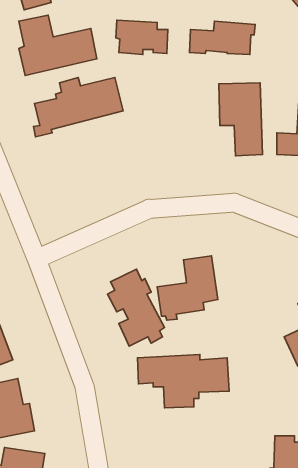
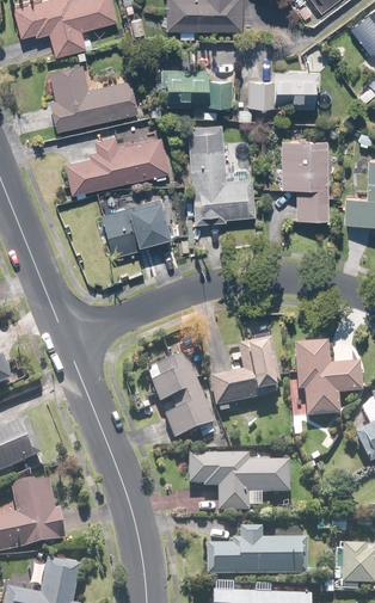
building: none -> [186,121,254,223]
building: none -> [102,197,171,254]
building: none -> [293,340,362,417]
building: none -> [207,524,307,574]

